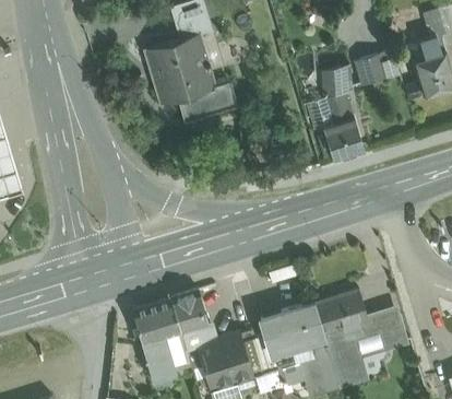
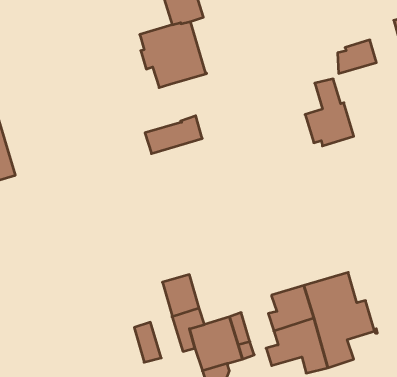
building: [323,68,348,98] -> none
building: [178,82,236,120] -> [145,116,202,154]
building: [132,300,180,345] -> none
building: [376,312,403,348] -> none
building: [260,313,287,367] -> none

